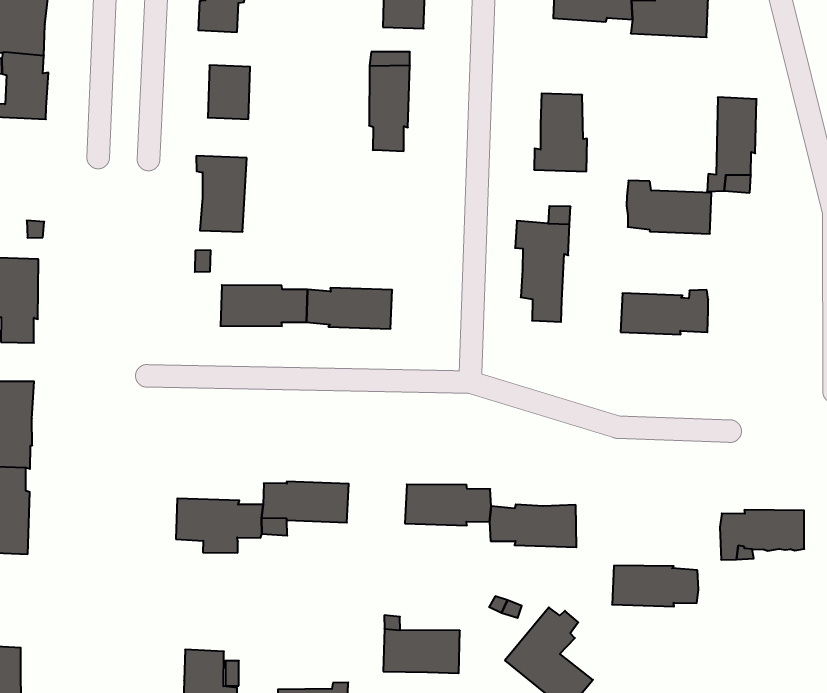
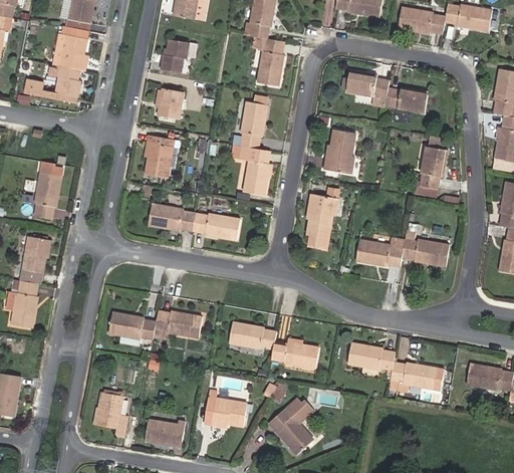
building: none -> [241,146,271,196]
building: [627,181,711,234] -> [404,232,450,266]
building: [612,566,698,607] -> [348,343,396,370]

